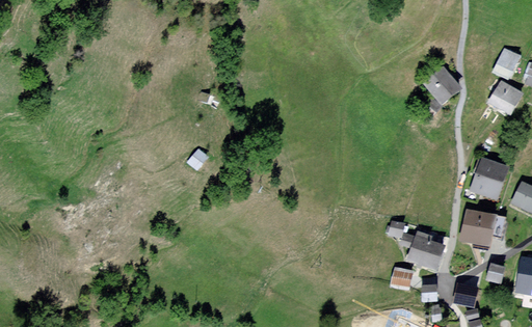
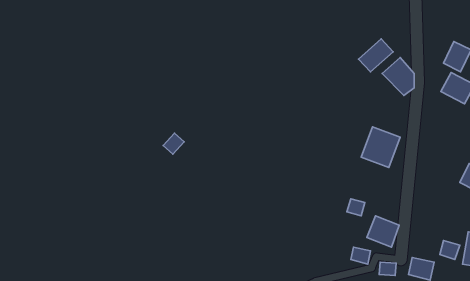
building: none -> [358,39,393,72]
building: [469,156,511,200] -> [361,127,400,167]
building: [463,213,499,248] -> none

